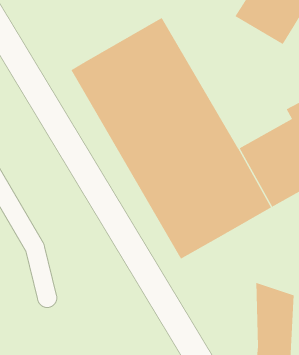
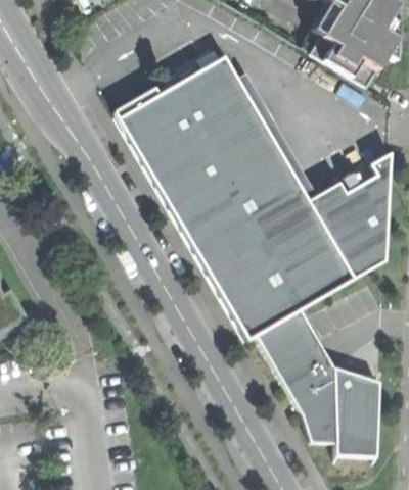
building: none -> [256,306,336,439]

